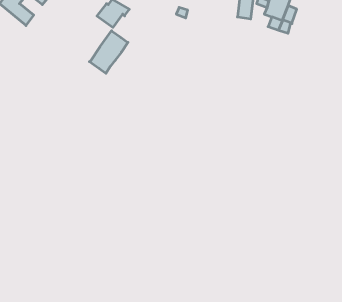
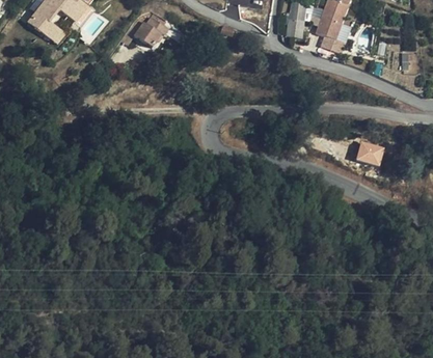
building: [89,31,128,73] -> none
building: none -> [356,139,386,165]

